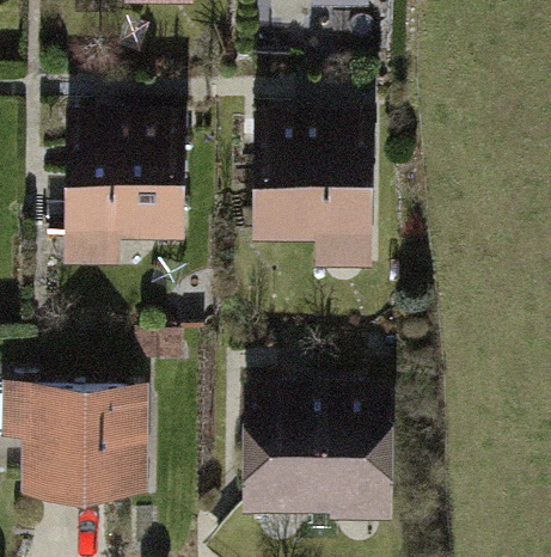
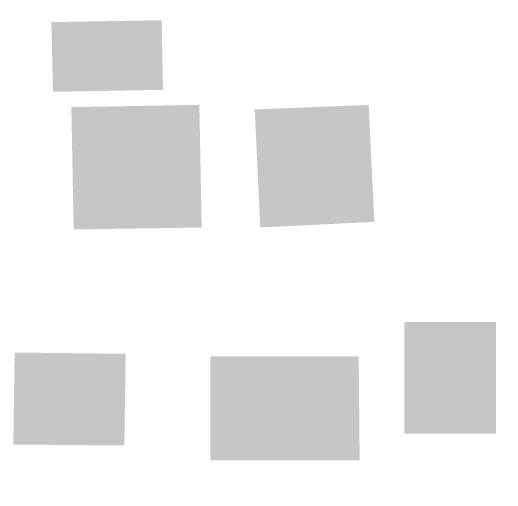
building: none -> [51,20,164,93]
building: none -> [403,321,497,435]

